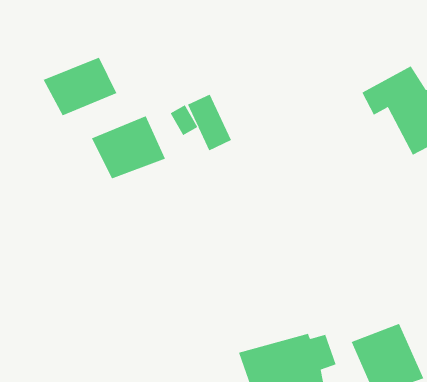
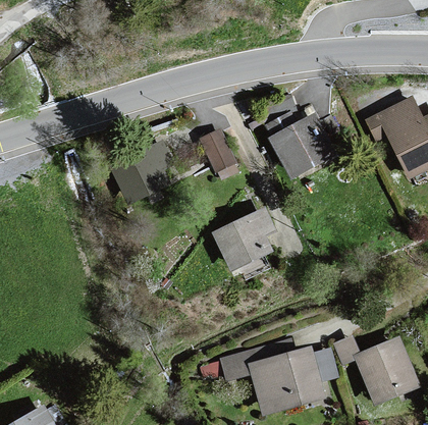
building: [43,57,117,116] -> none
building: none -> [266,114,339,181]
building: none -> [212,207,278,271]

